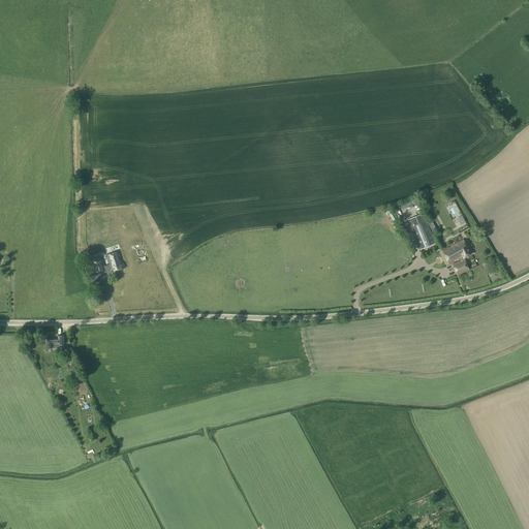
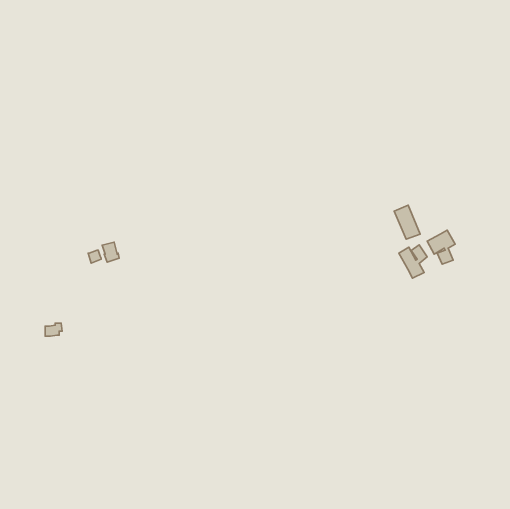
building: none -> [399,245,427,278]

